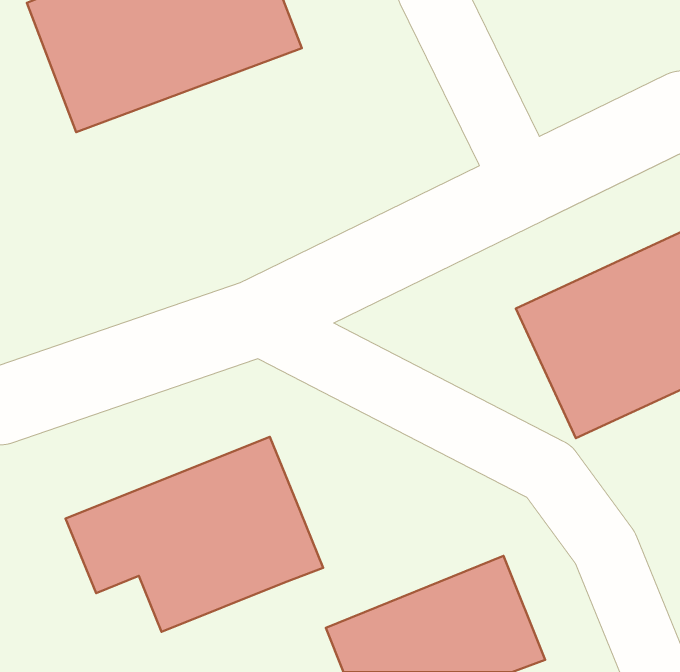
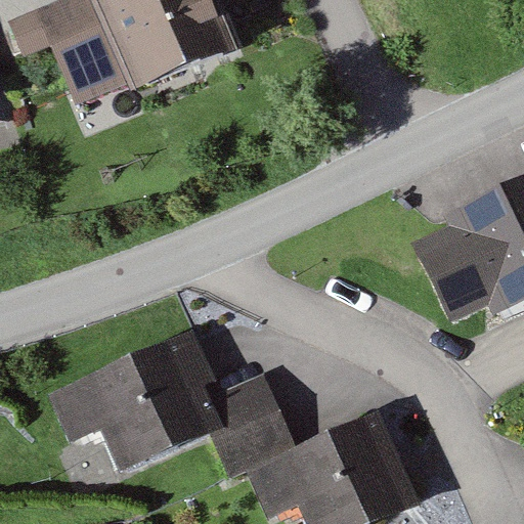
building: none -> [220,379,294,472]

